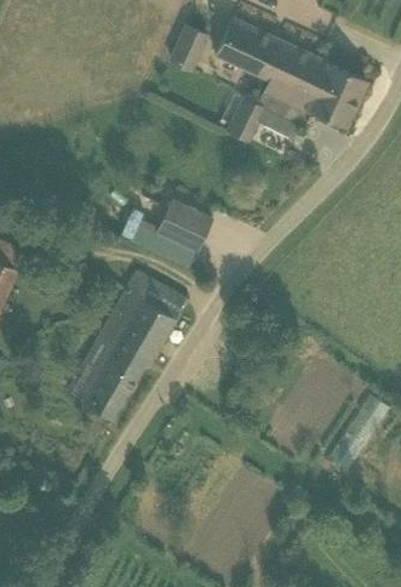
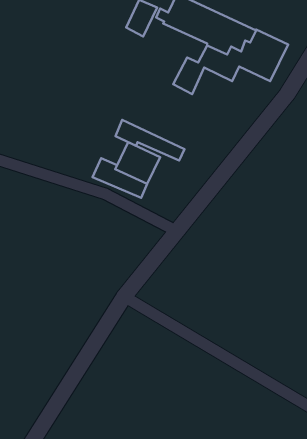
building: none -> [116,120,185,161]
building: [80,270,185,420] -> none

